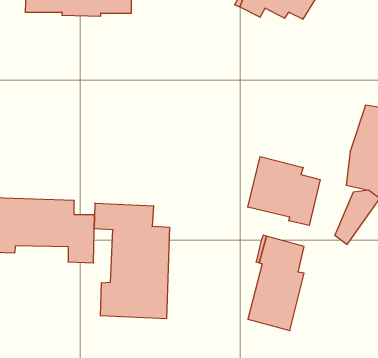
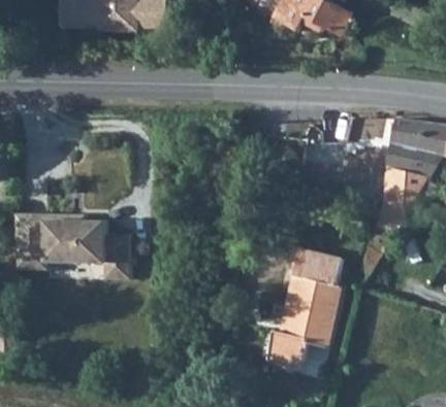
building: [248,157,320,225] -> none
building: [94,203,169,319] -> none
building: none -> [267,334,325,366]

